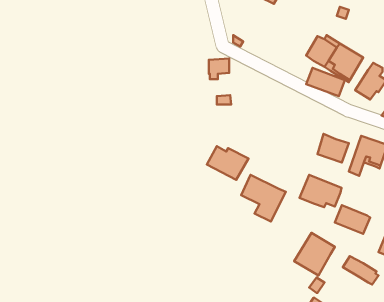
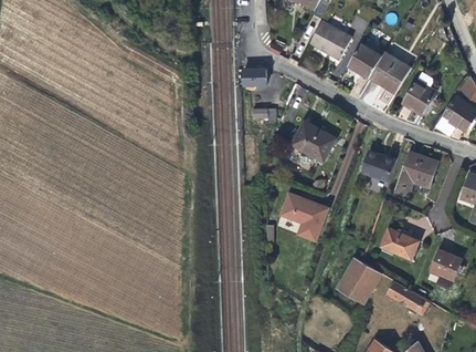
building: none -> [308,21,351,60]
building: [207,146,248,180] -> [290,125,336,162]
building: [299,175,342,207] -> none

